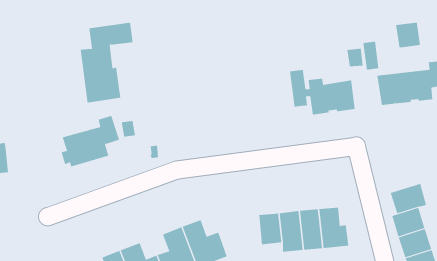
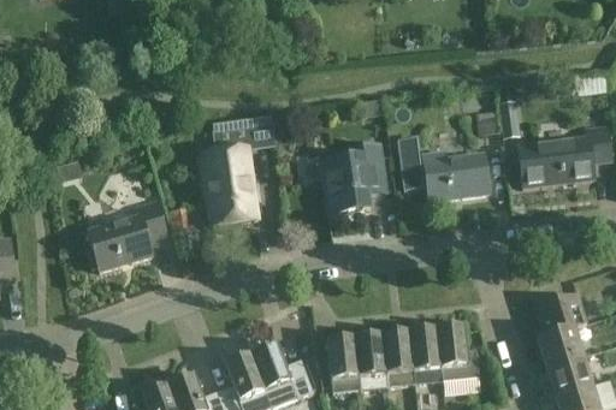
building: [396,22,421,48] -> none
building: [80,22,133,103] -> [202,114,276,225]
building: none -> [321,142,385,213]
building: none -> [327,335,362,392]

